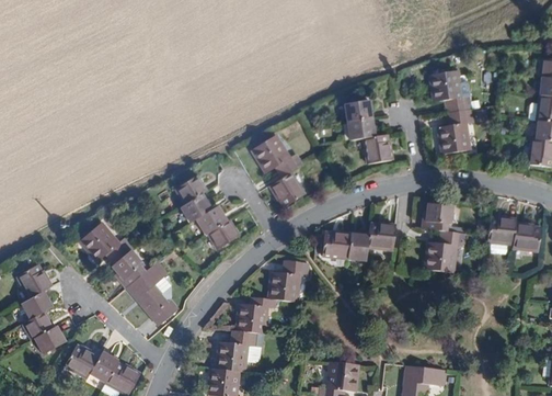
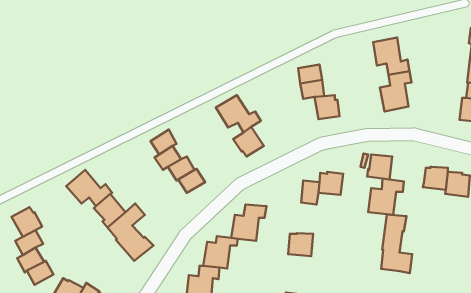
building: [321,231,349,258] -> [288,233,313,256]
building: none -> [381,214,412,273]

